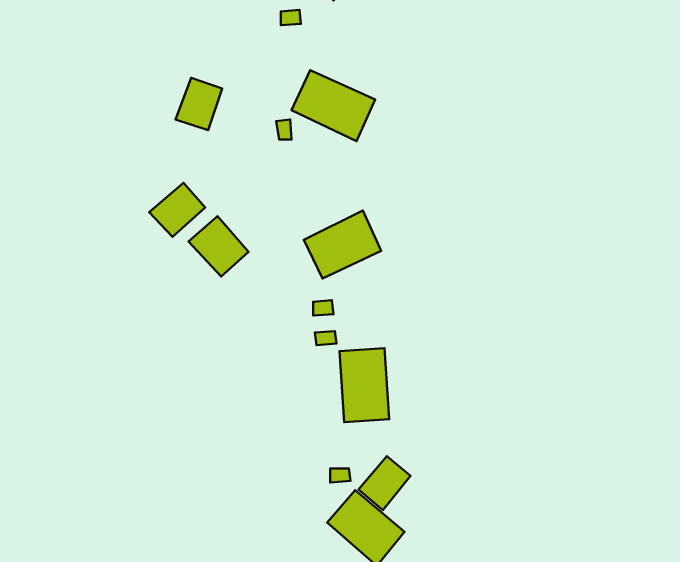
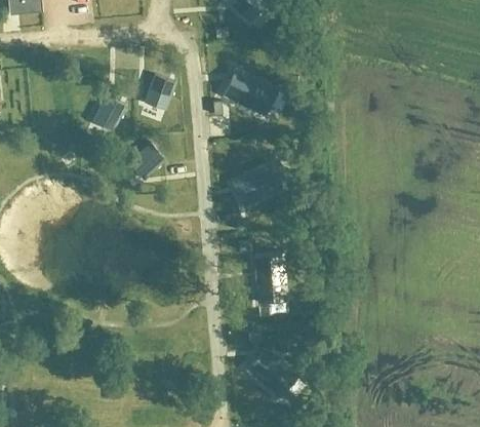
building: none -> [92,94,126,131]
building: [188,216,249,276] -> none
building: [359,456,410,510] -> none

